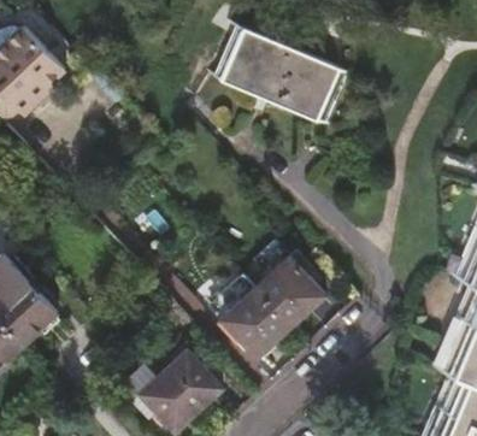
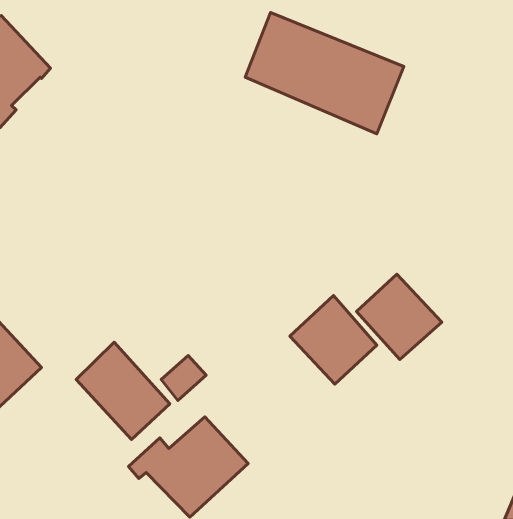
building: [223,287,292,355] -> [356,274,442,360]
building: none -> [76,342,170,439]

